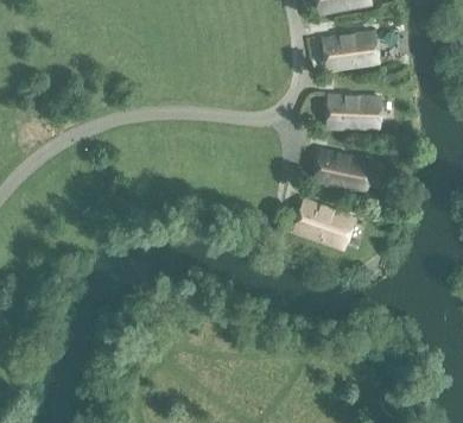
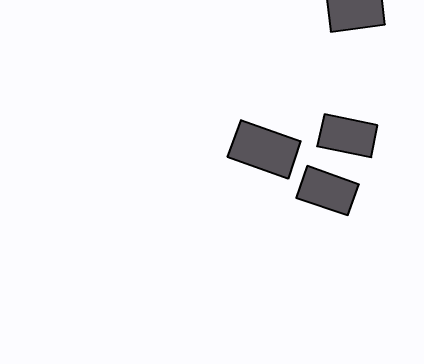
building: [325,94,380,127] -> none
building: none -> [228,120,301,179]

